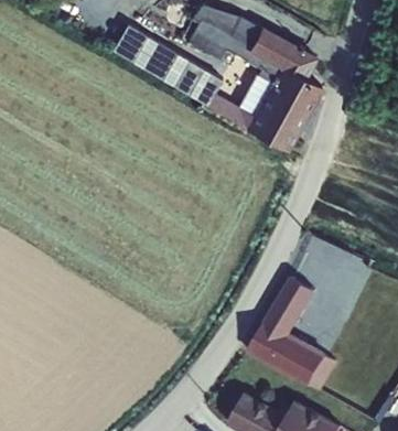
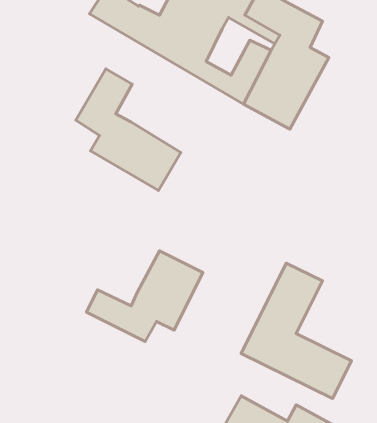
building: none -> [76,69,181,191]
building: none -> [86,251,203,341]

